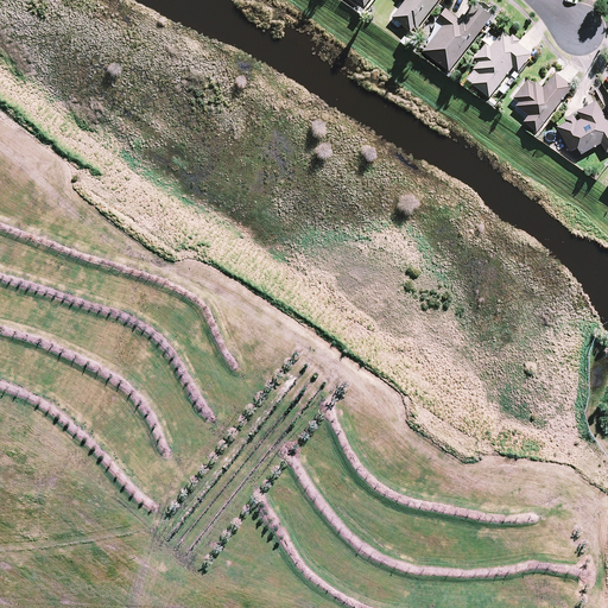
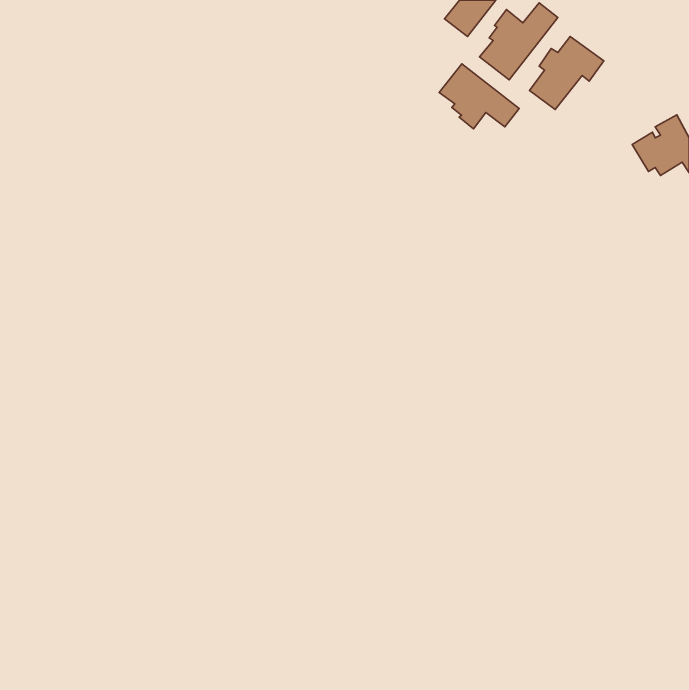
building: none -> [439,64,519,129]
building: [509,72,571,132] -> none

